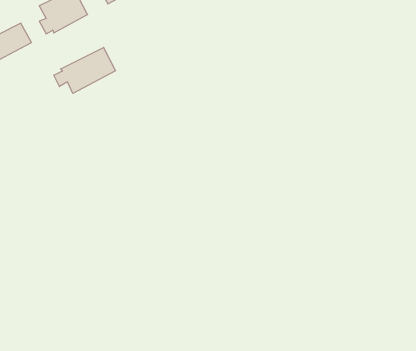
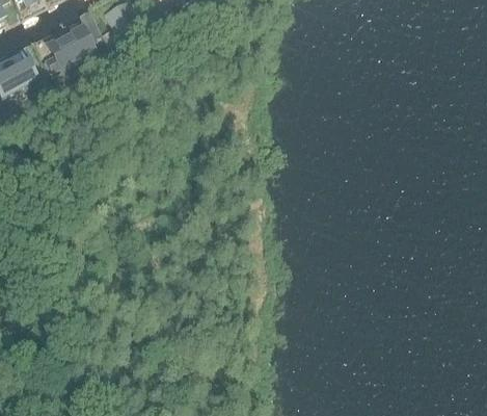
building: [54,47,116,93] -> none

